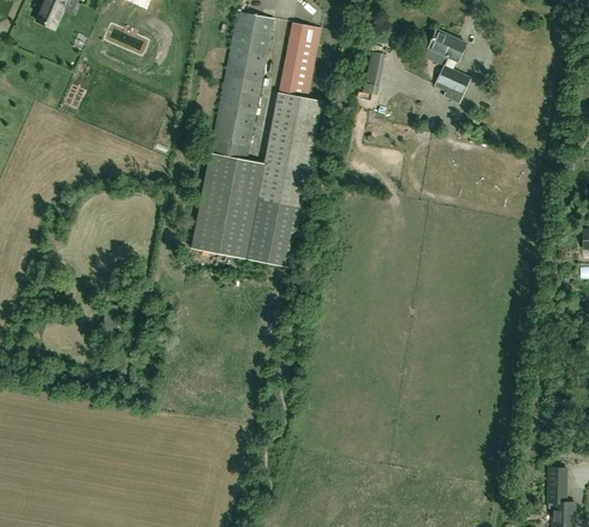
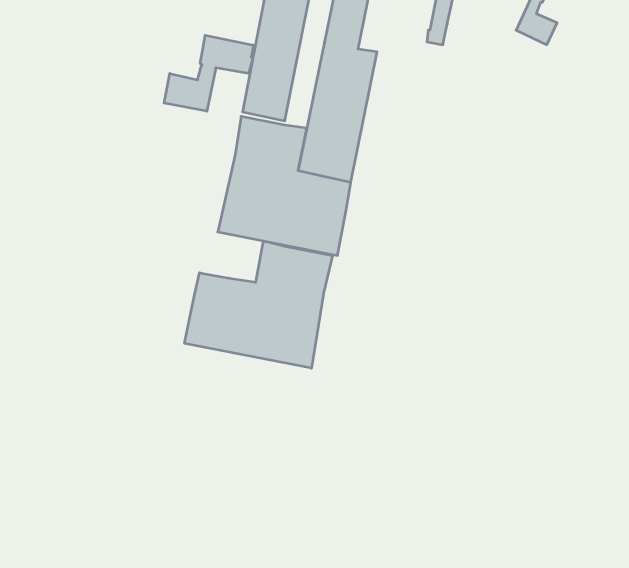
building: none -> [164,35,253,111]
building: none -> [185,241,332,368]

